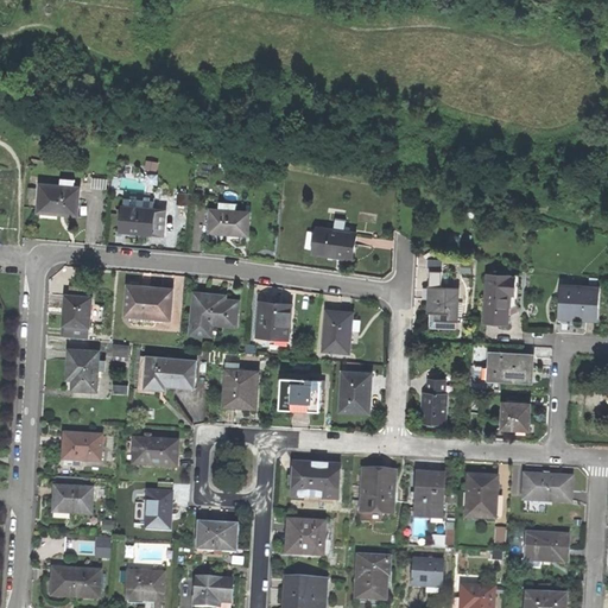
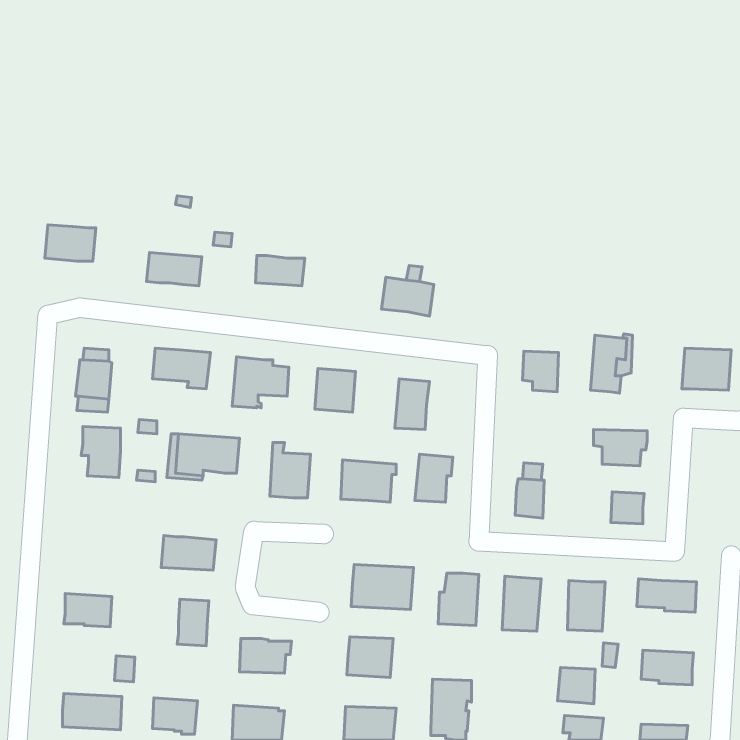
building: [62,433,102,462] -> none
building: [408,558,439,588] -> [558,668,595,704]

